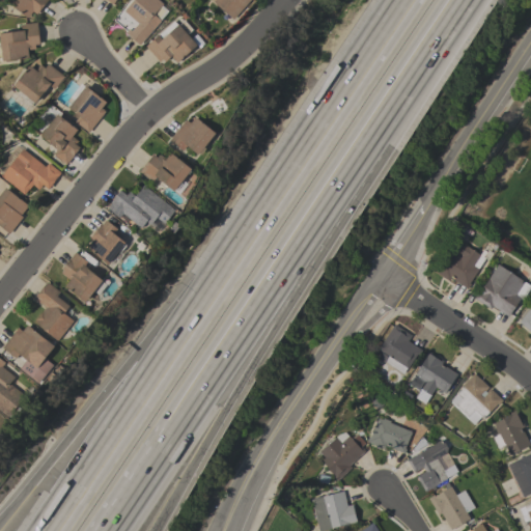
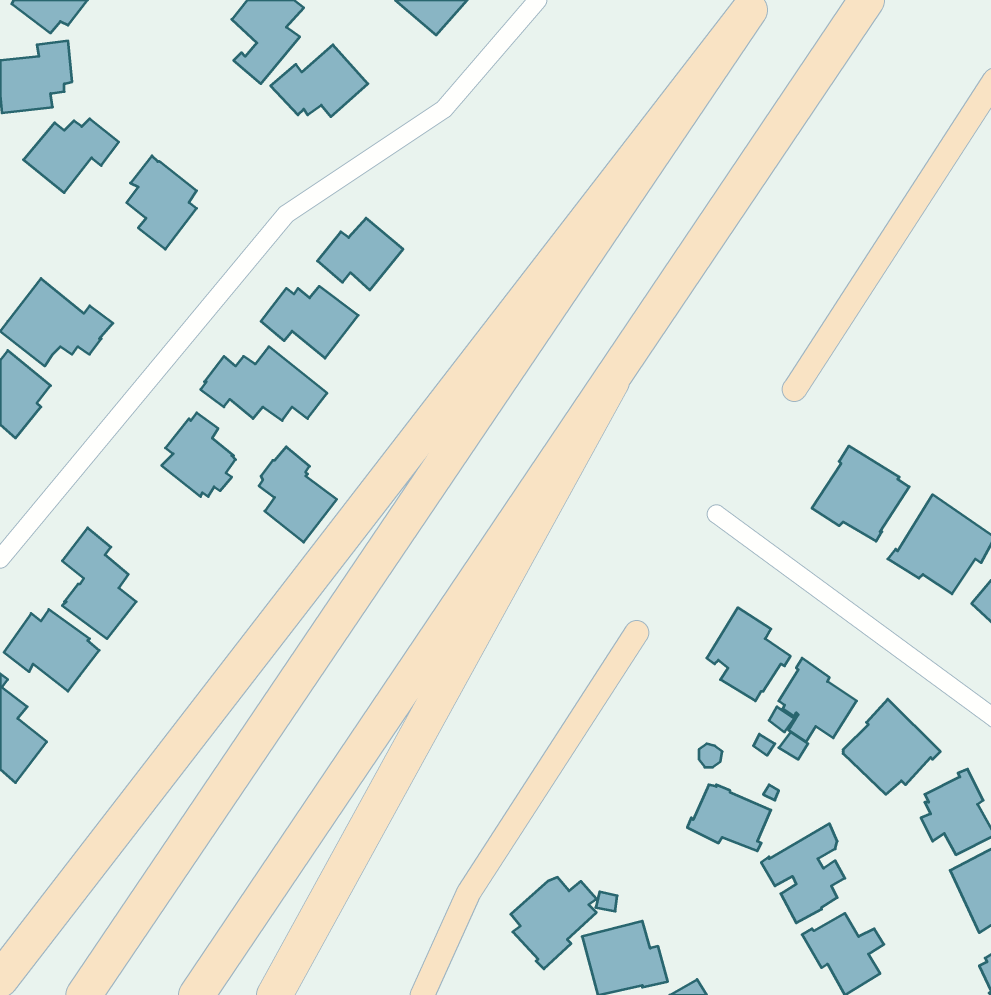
building: [41,113,81,164] -> none
building: [62,252,104,303] -> [259,447,337,542]
building: [320,431,366,480] -> [511,877,596,969]

